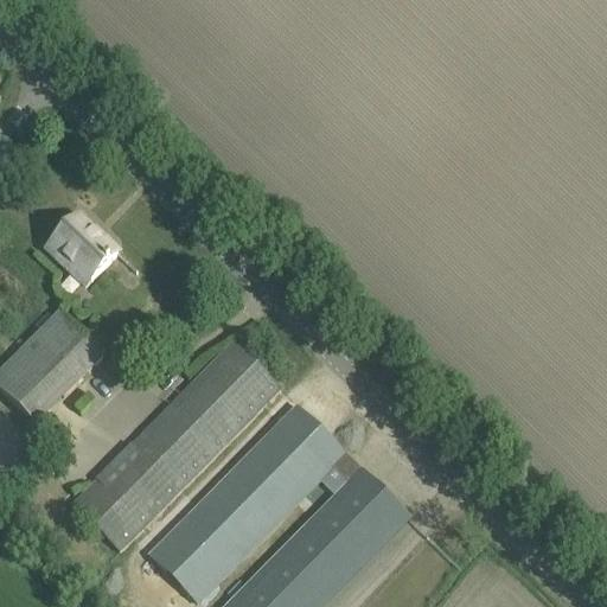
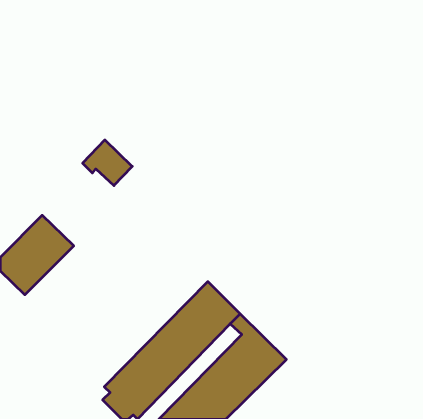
building: [46,212,117,277] -> [83,140,132,186]
building: [72,340,281,549] -> none

